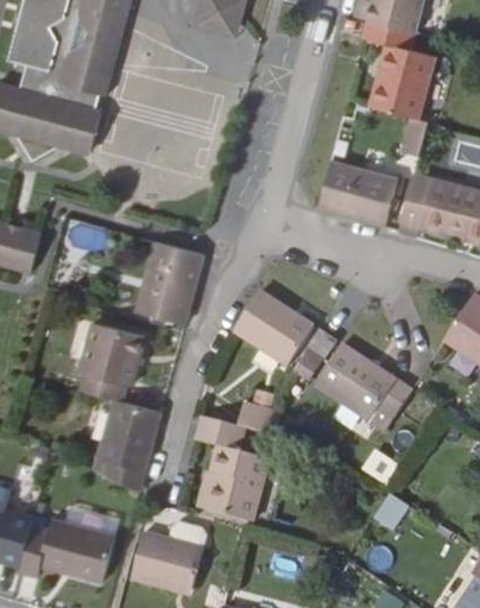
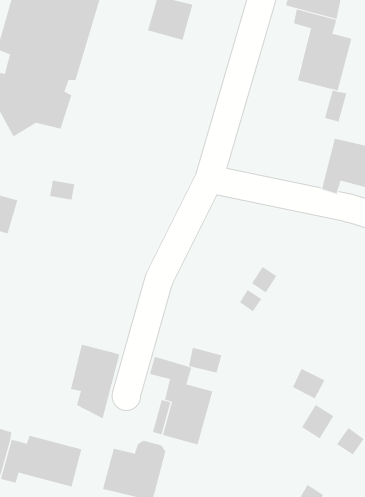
building: [316,154,394,226] -> none
building: [130,255,196,344] -> none
building: [238,286,320,361] -> none
building: [70,336,138,416] -> none
building: [318,338,418,418] -> none

